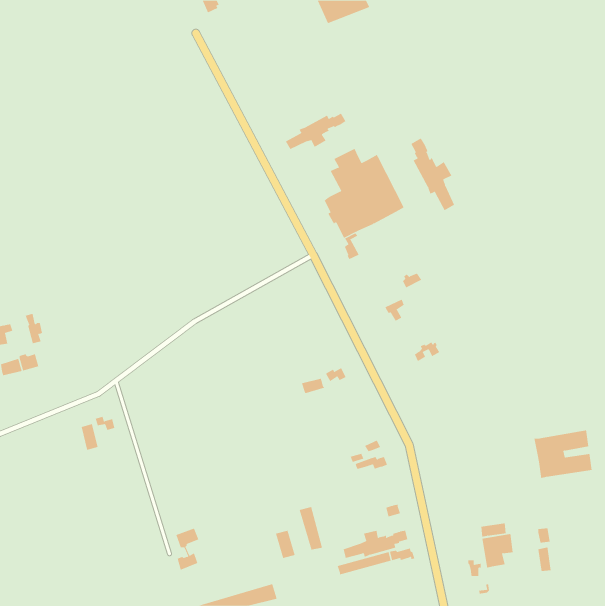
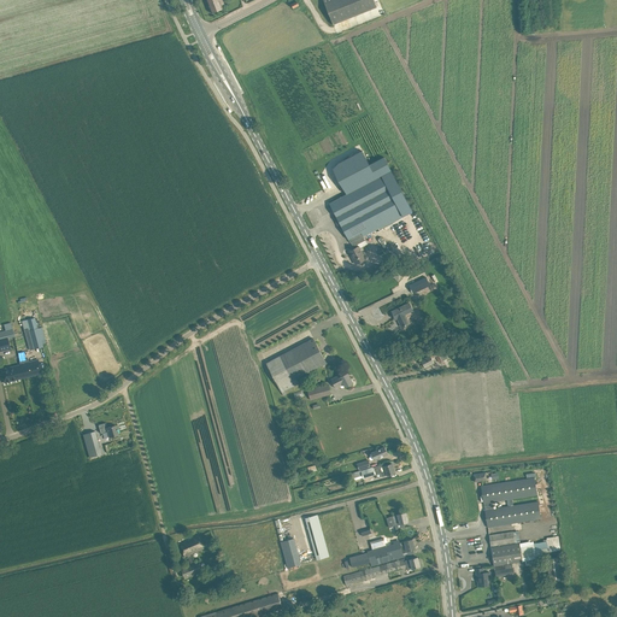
building: [285,113,346,150] -> none
building: [410,138,455,211] -> none
building: none -> [265,339,325,395]
building: [533,430,593,478] -> [480,477,540,527]

